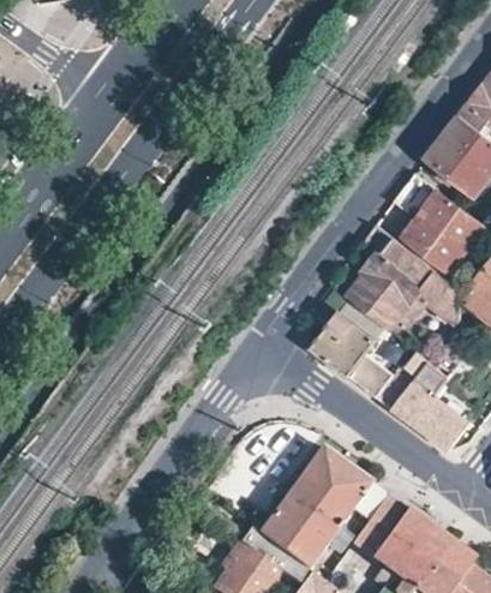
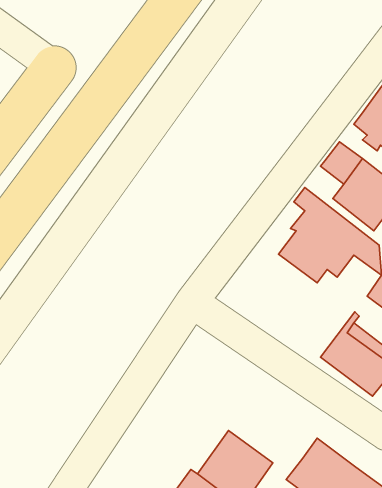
building: [311,311,430,407] -> none
building: [293,445,389,521] -> none

